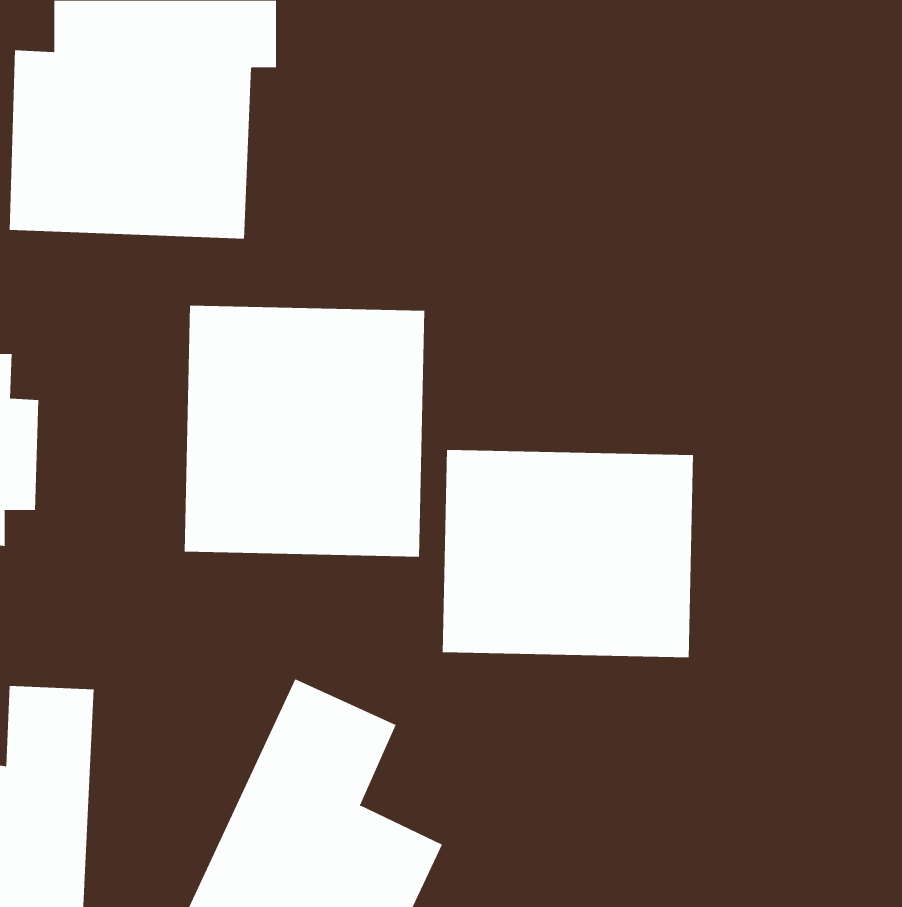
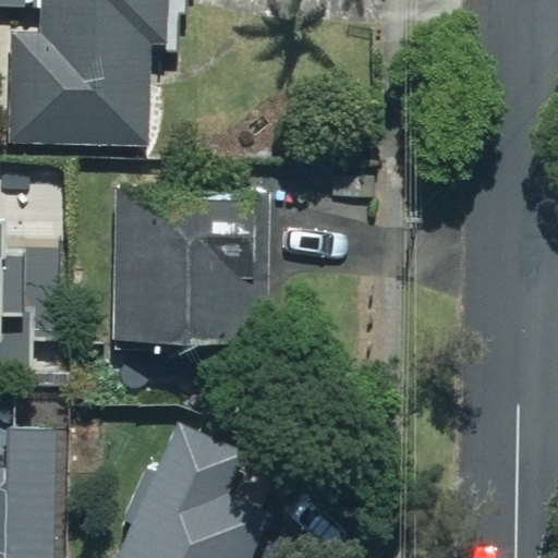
building: [442,449,694,658] -> none

